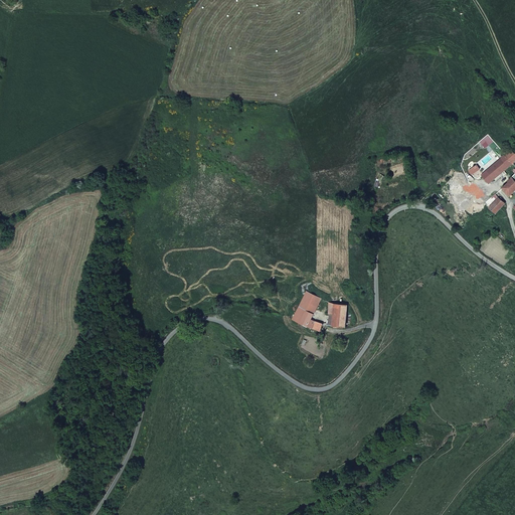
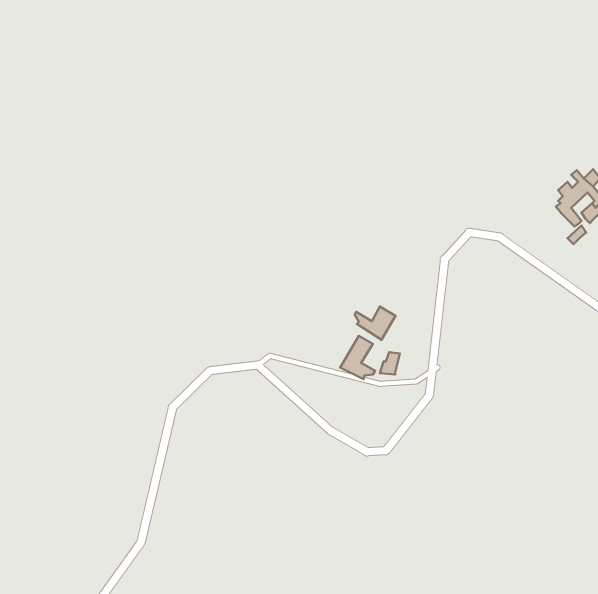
building: none -> [355,306,396,340]

